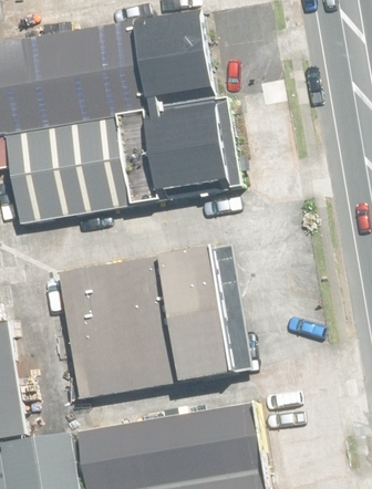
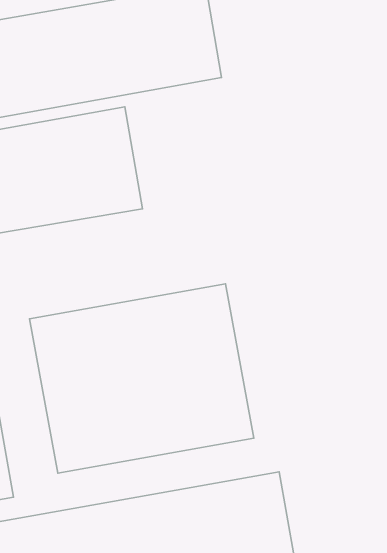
building: [153,89,251,174] -> none

